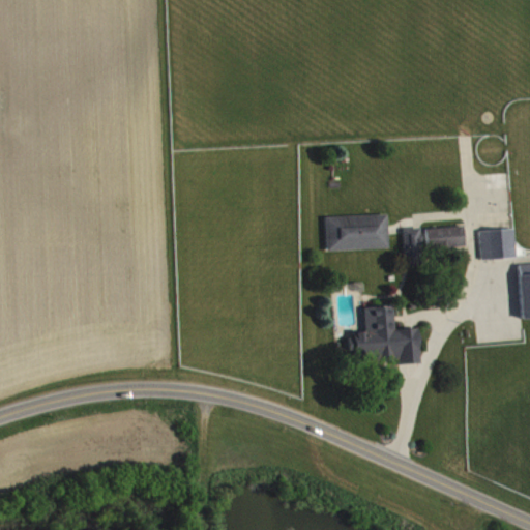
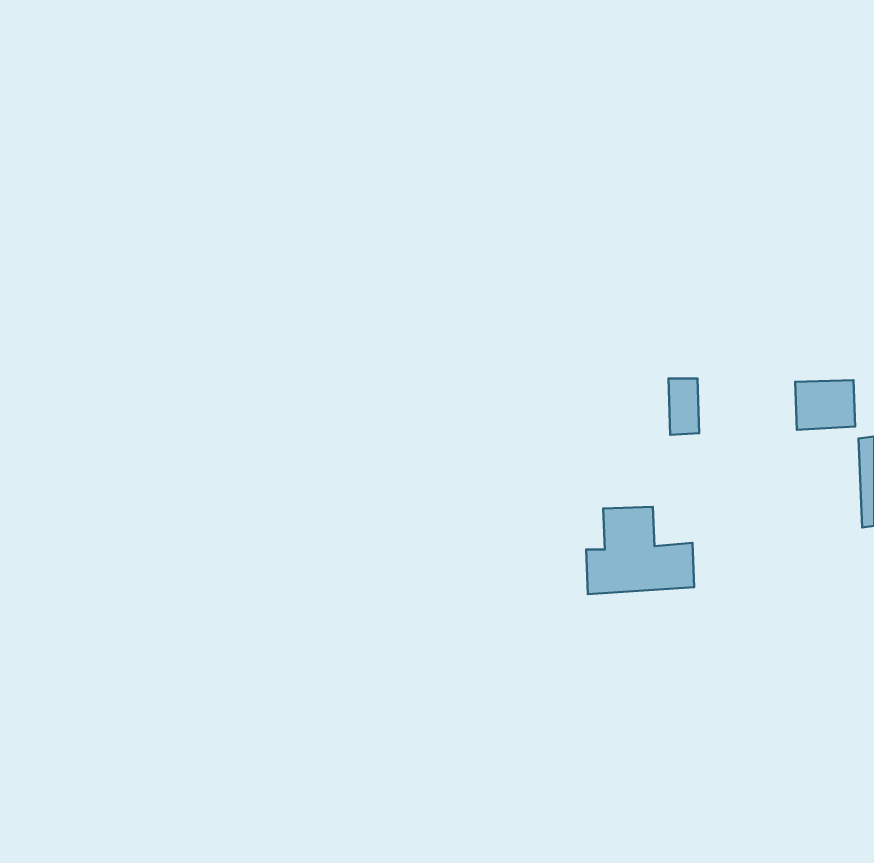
building: [325,214,388,252] -> none
building: [426,225,466,251] -> none

